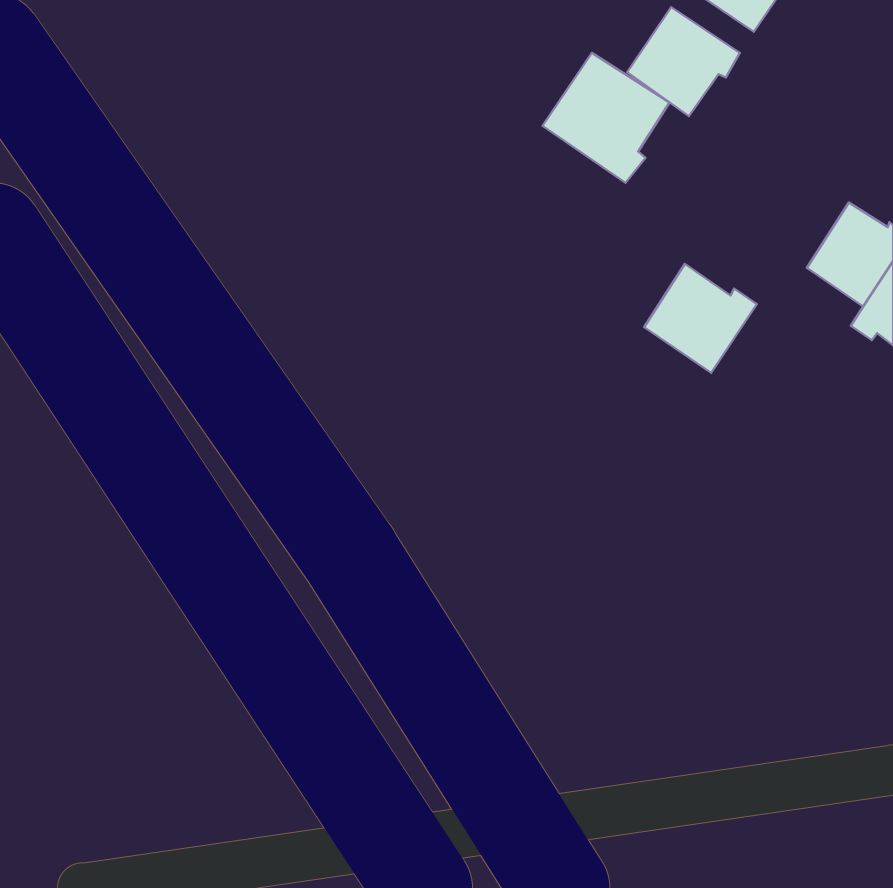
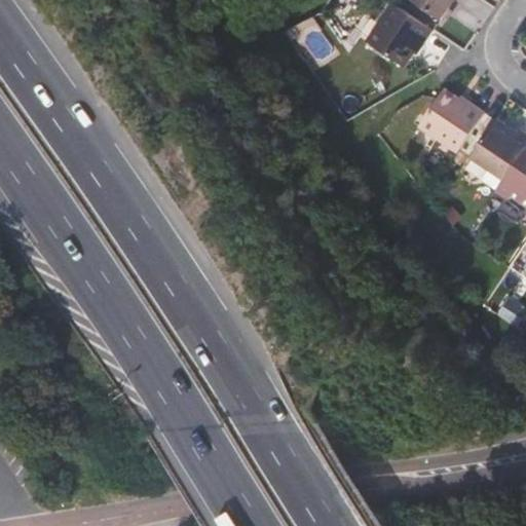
building: [542,53,670,183] -> none
building: [644,264,757,373] -> [419,87,485,151]

